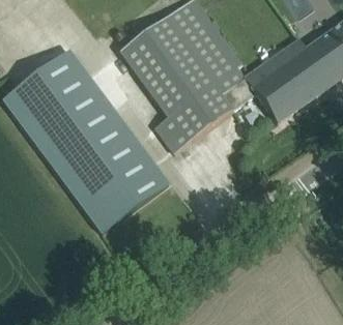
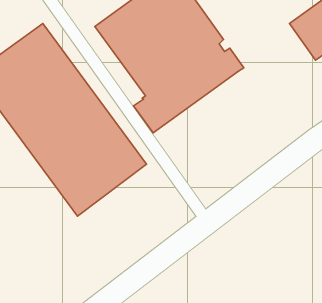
building: [249,38,331,123] -> none

